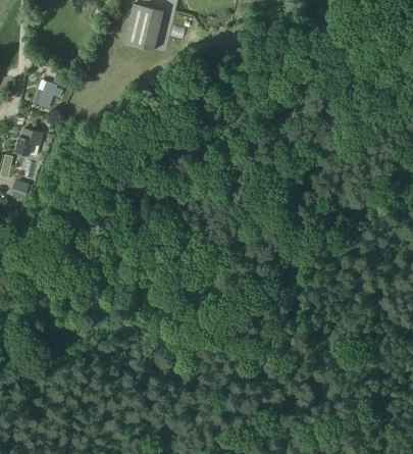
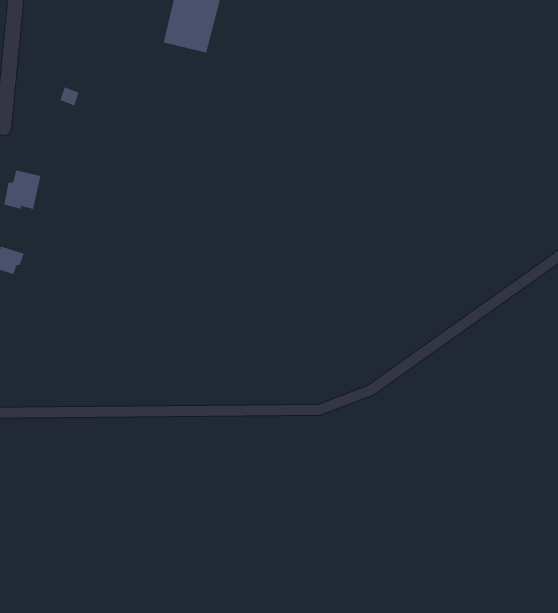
building: [34,81,61,107] -> none

